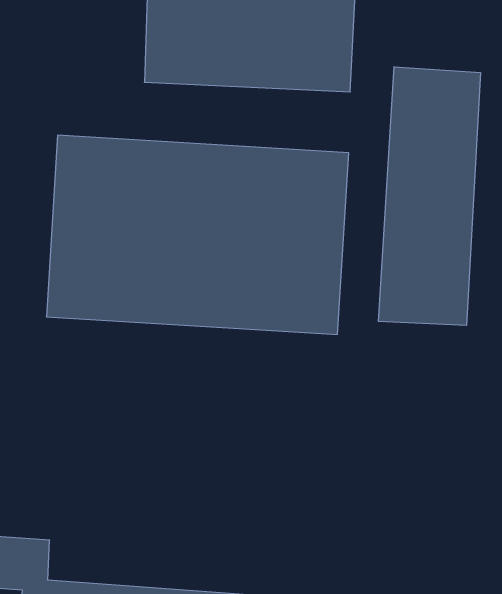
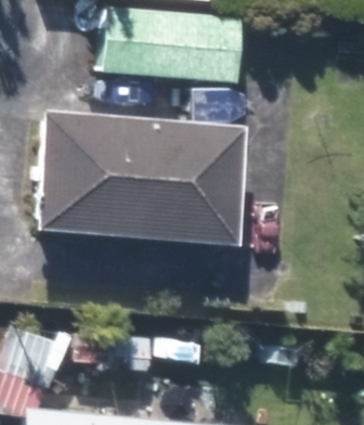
building: [379,67,480,325] -> none

